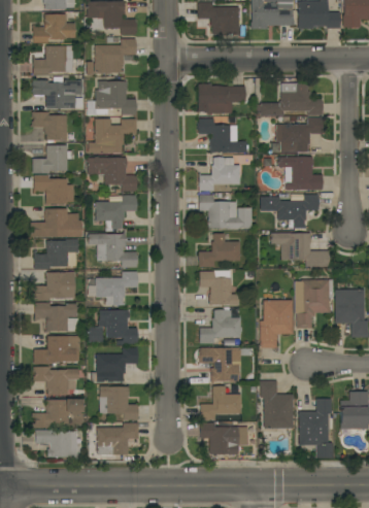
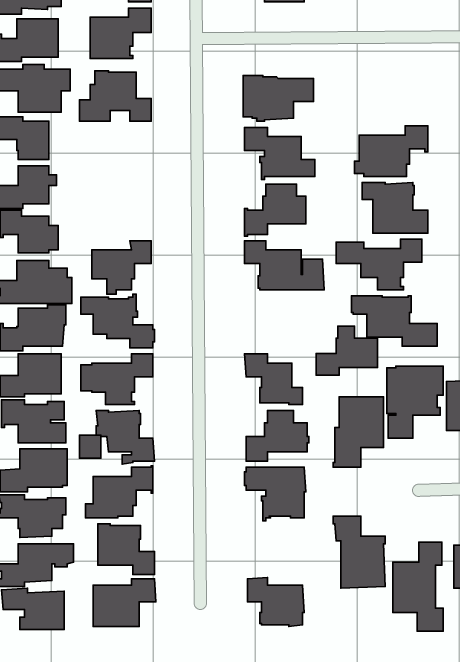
building: [256,83,322,116] -> none
building: [88,120,137,154] -> none
building: [88,158,136,192] -> none
building: [199,234,240,267] -> [316,326,377,375]
building: [200,386,241,420] -> none

